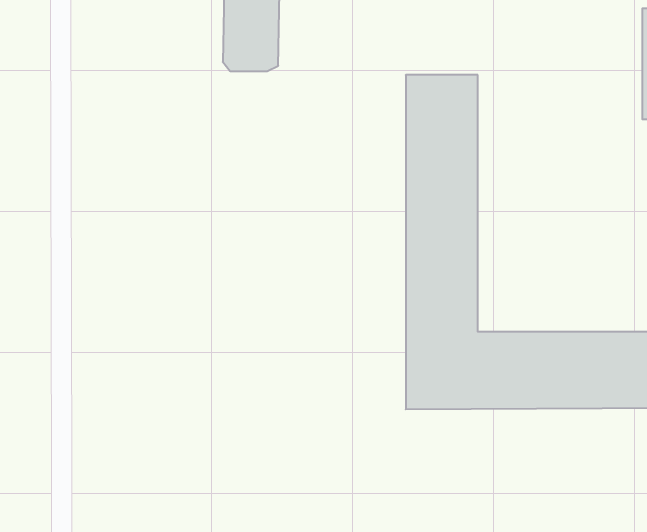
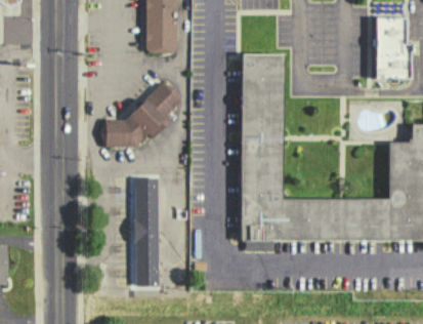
building: none -> [100,83,181,149]
building: none -> [134,179,159,288]

